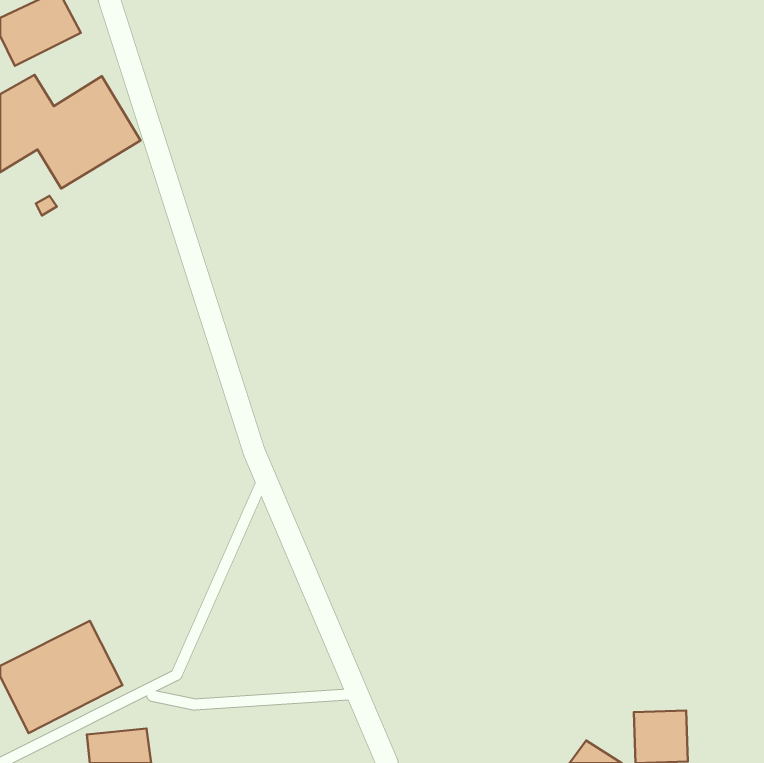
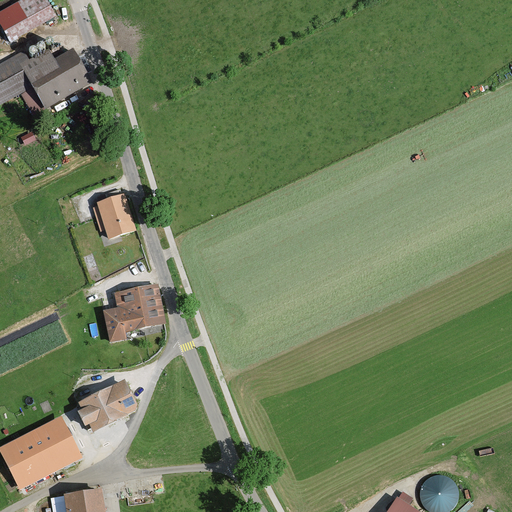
building: none -> [94,193,137,239]
building: none -> [101,282,164,342]
building: none -> [72,375,137,433]

